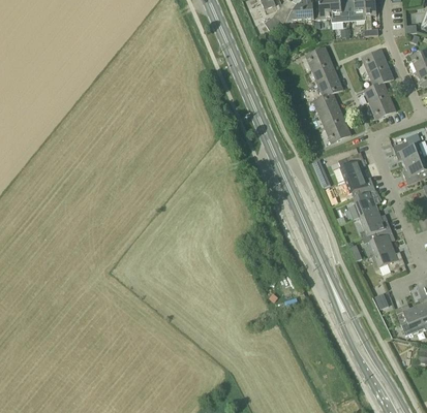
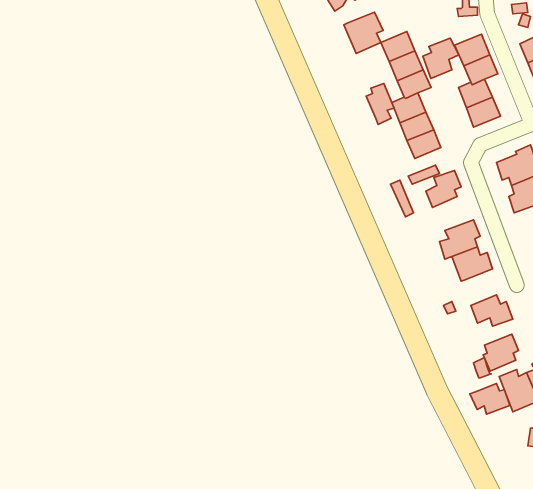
building: none -> [344,12,383,54]
building: none -> [423,38,459,78]
building: none -> [366,83,394,125]
building: [344,171,375,197] -> none
building: [368,226,395,254] -> [483,334,519,371]
building: none -> [470,383,510,414]

